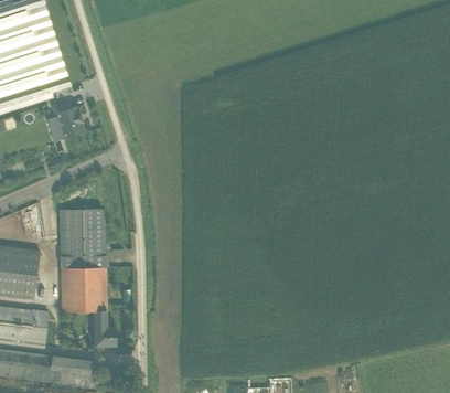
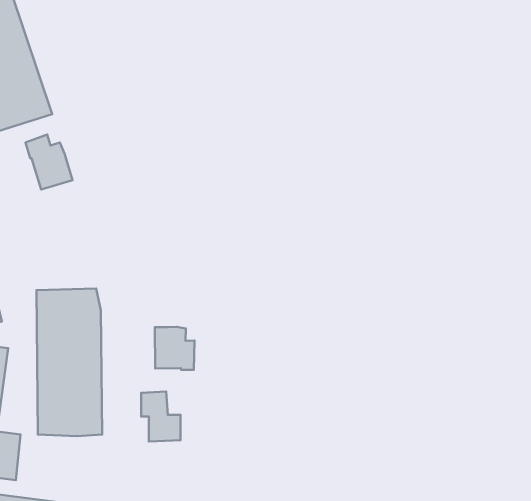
building: none -> [155,327,195,370]
building: [87,311,115,347] -> [141,391,180,442]

